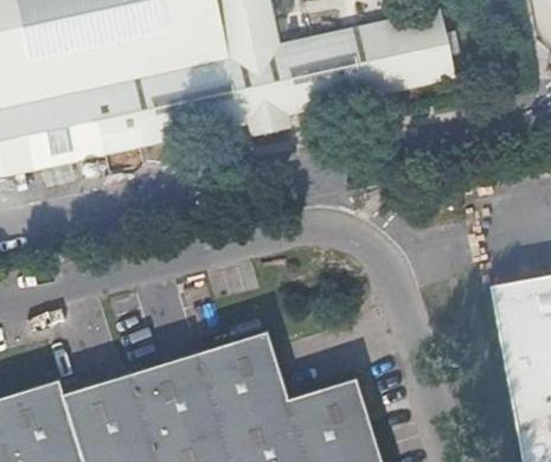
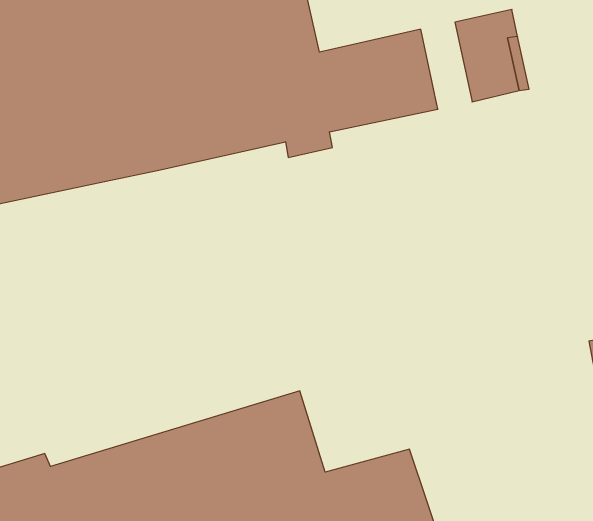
building: [361,21,404,94] -> none

